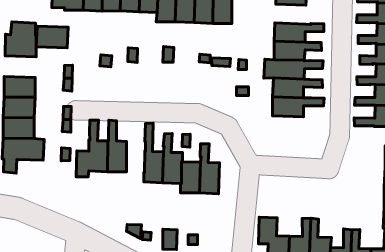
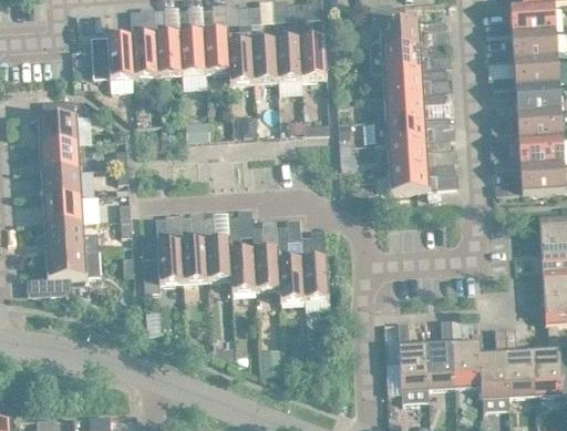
building: none -> [382,43,445,71]
building: [36,26,68,48] -> [40,142,81,171]
building: none -> [205,216,233,279]

